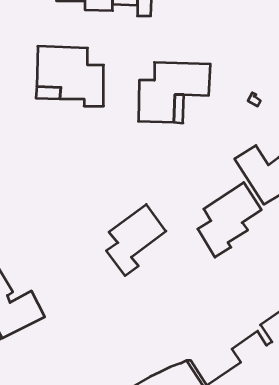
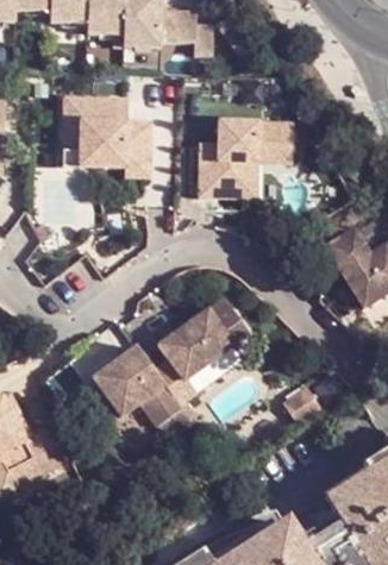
building: [198,182,261,257] -> none
building: none -> [93,345,183,423]

